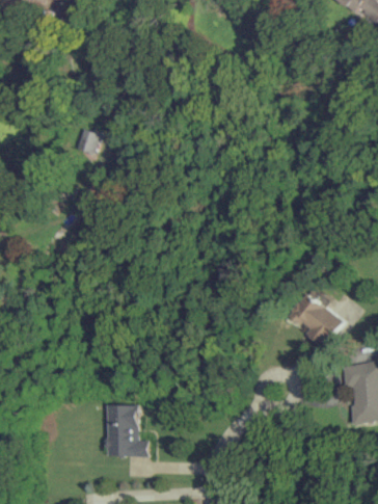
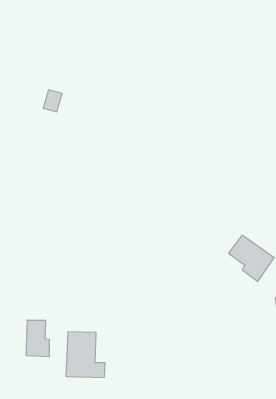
building: none -> [26,320,49,357]

